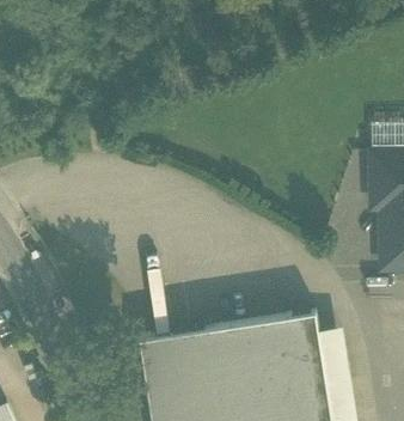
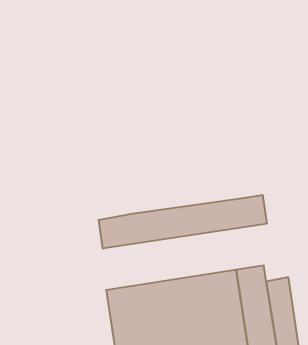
building: none -> [99,195,267,249]

